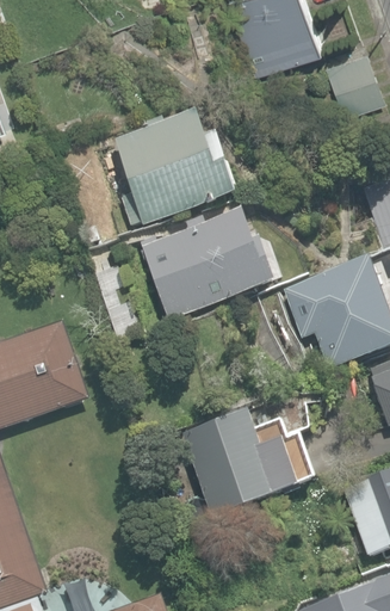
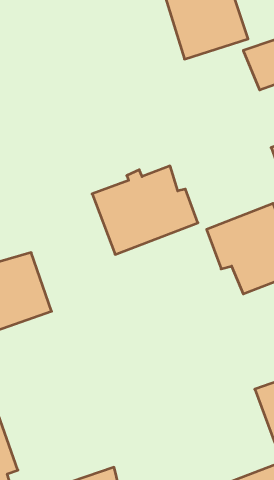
building: [111,112,231,226] -> none
building: [180,411,281,518] -> none

